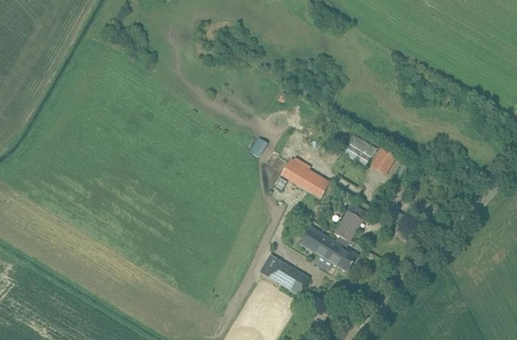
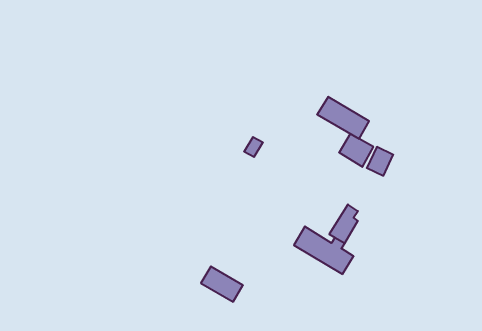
building: [279,156,330,198] -> [317,97,369,139]
building: [267,259,308,293] -> [201,266,243,302]

